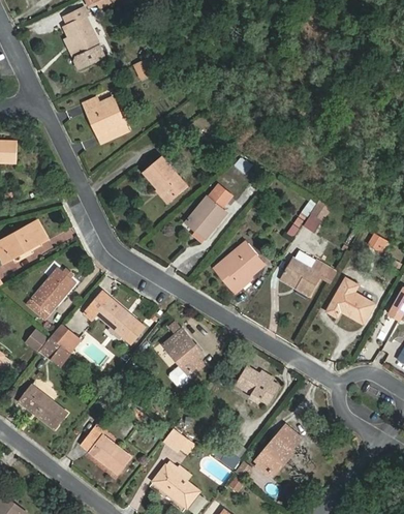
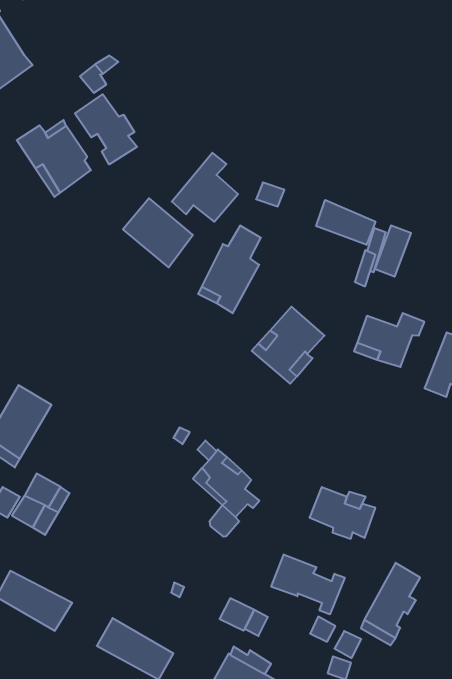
building: none -> [75,94,137,164]
building: none -> [172,153,238,222]
building: none -> [316,200,375,245]
building: [84,290,144,340] -> none
building: none -> [271,554,345,614]

